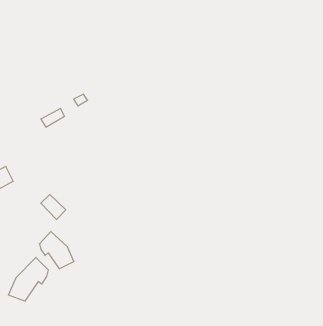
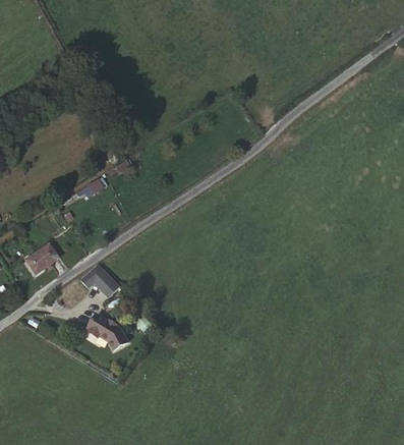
building: [8,257,48,301] -> none

